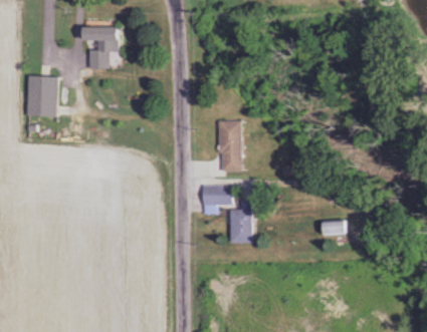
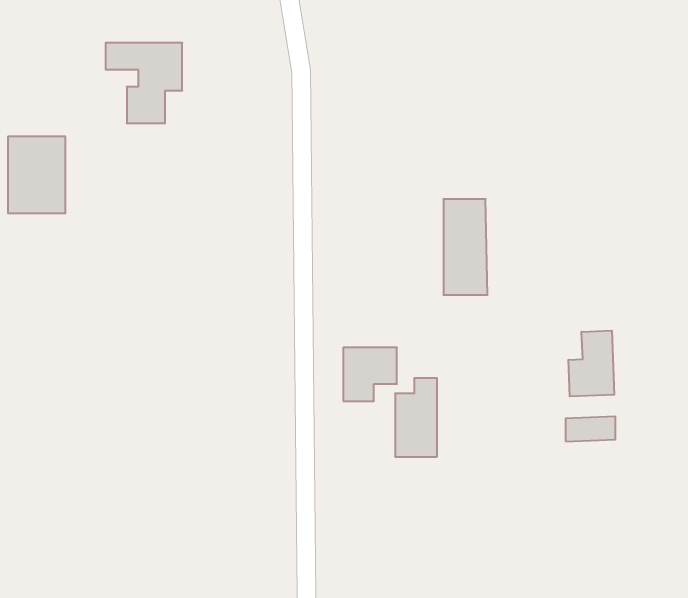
building: [218,120,241,171] -> [443,199,488,295]
building: none -> [568,331,614,396]

